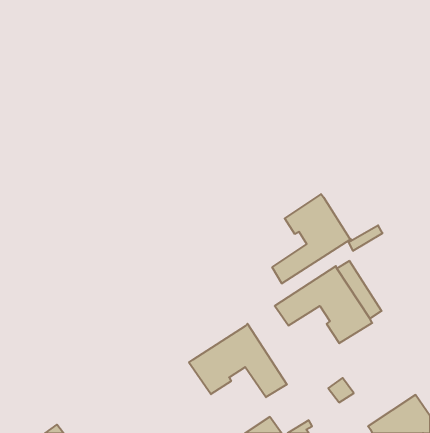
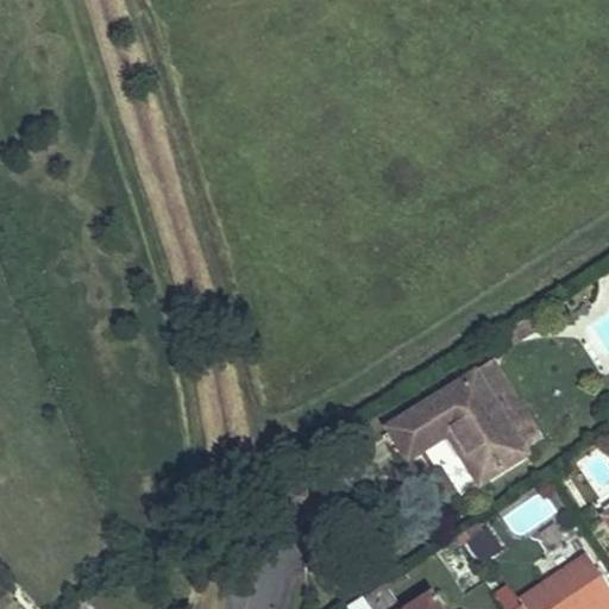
building: [272,194,351,284] -> none
building: [189,324,287,397] -> none

